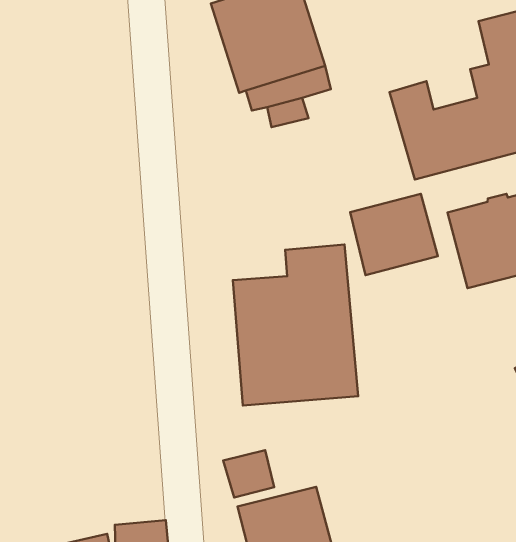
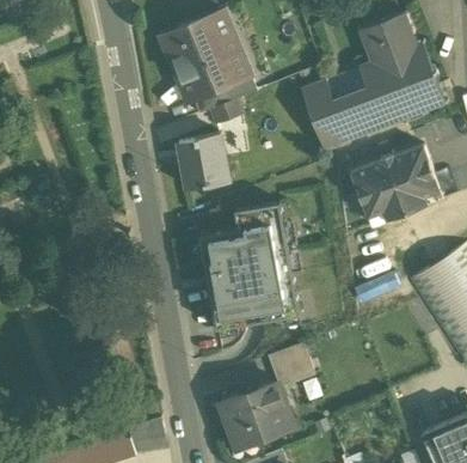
building: none -> [177,130,228,187]
building: [350,194,438,275] -> none
building: [223,450,274,498] -> [272,342,312,379]

